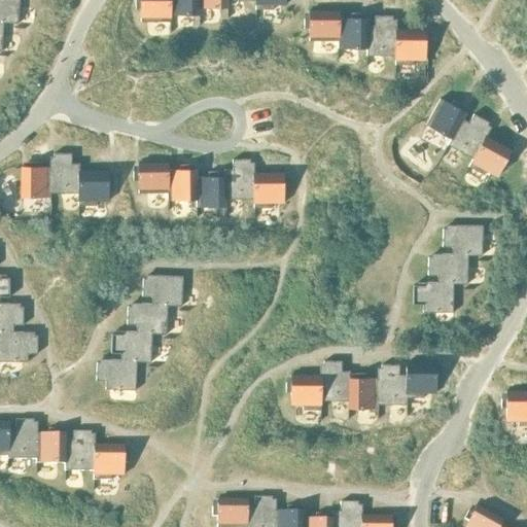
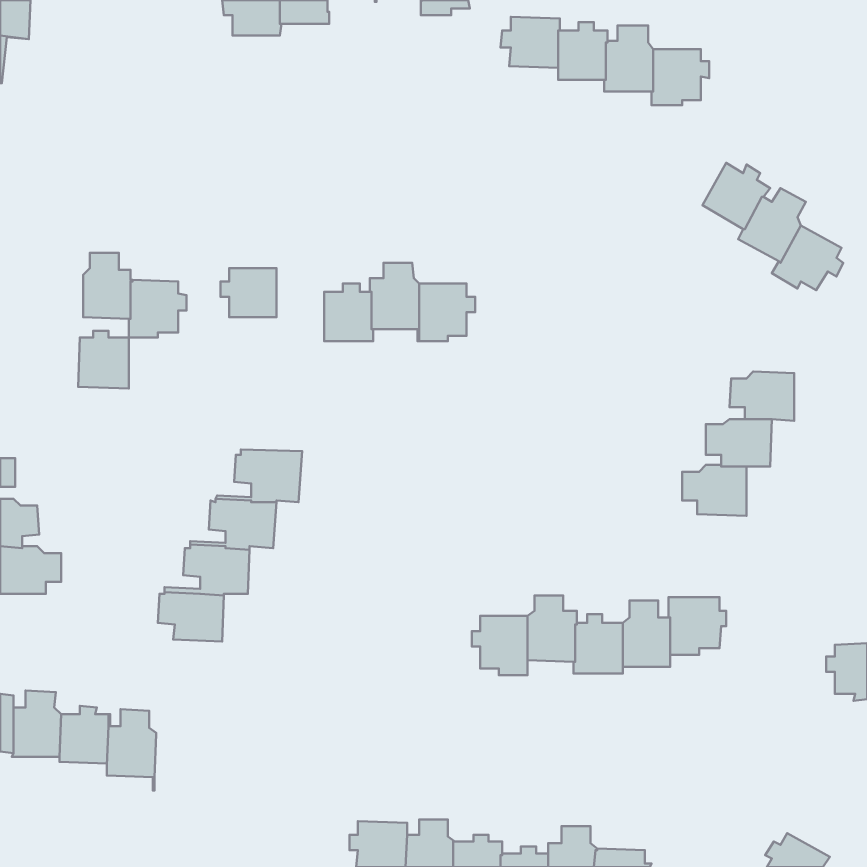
building: [20,163,50,198] -> [78,331,129,389]
building: [168,165,198,200] -> none
building: [94,445,129,480] -> none

